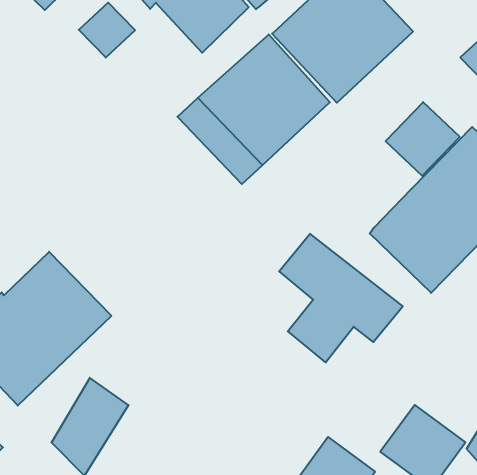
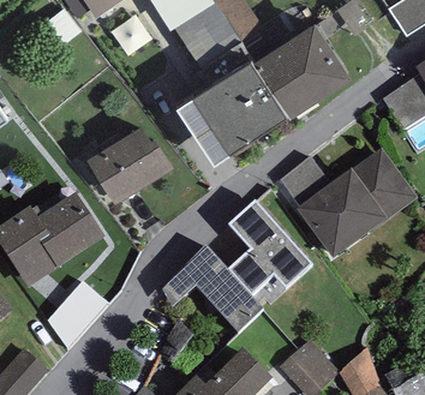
building: [386,102,460,176] -> [279,156,331,208]
building: none -> [85,121,173,201]
building: none -> [161,247,263,334]

